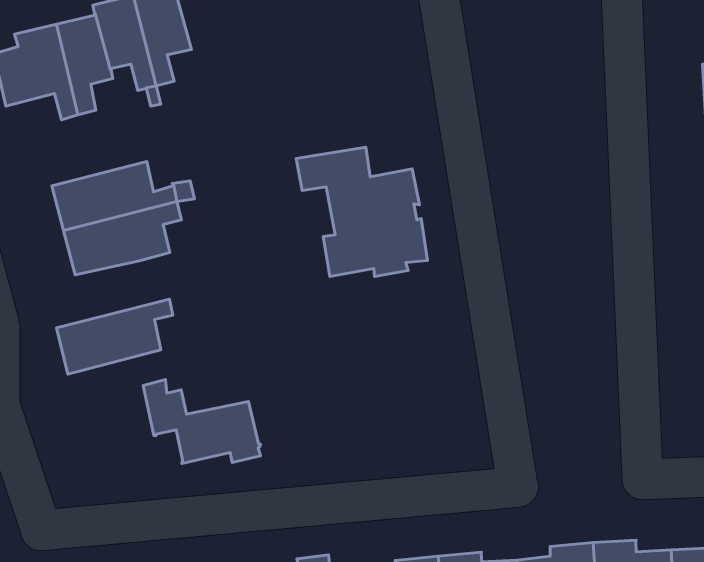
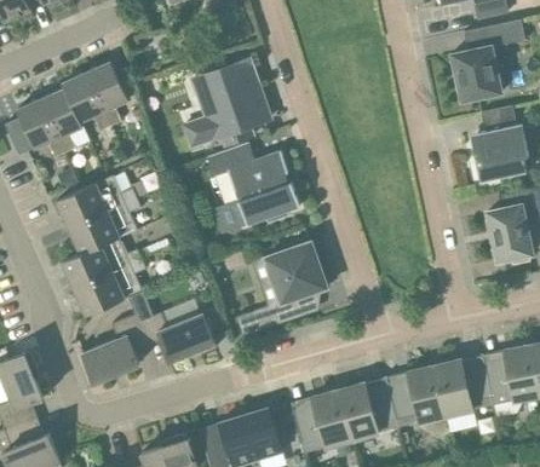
building: none -> [180,59,264,149]
building: none -> [62,238,142,289]
building: none -> [235,242,327,338]
building: none -> [81,316,147,382]

